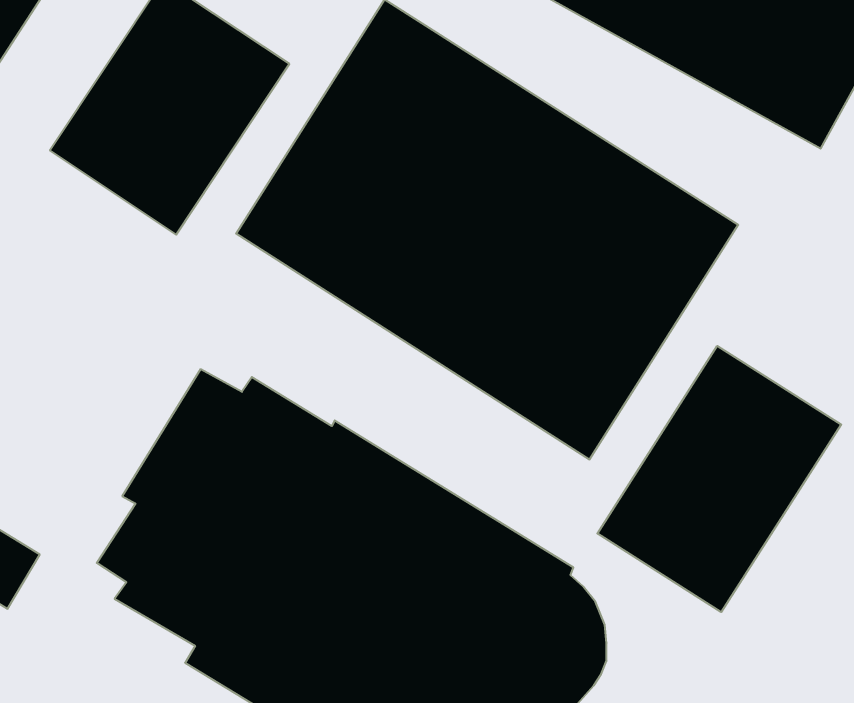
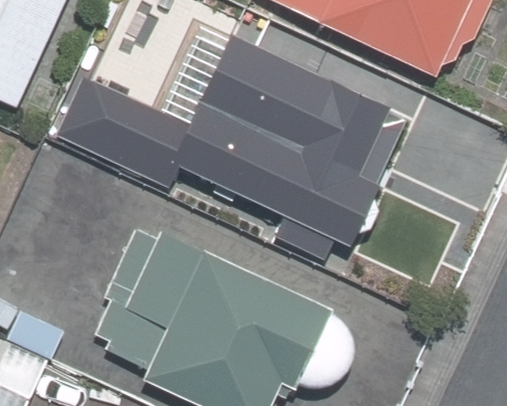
building: [597,346,841,612] -> none

